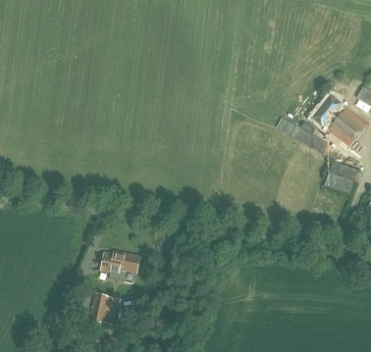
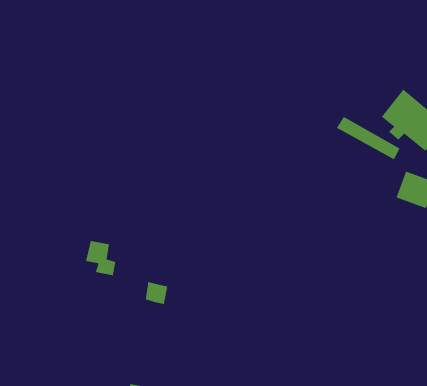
building: [101,252,126,282] -> [85,240,116,276]
building: [90,292,110,322] -> none

